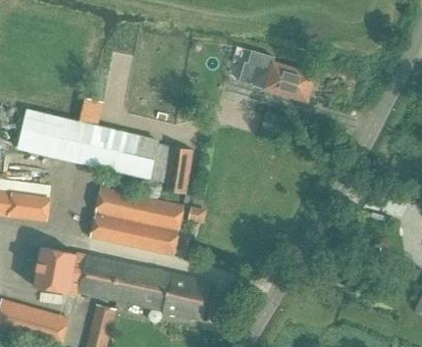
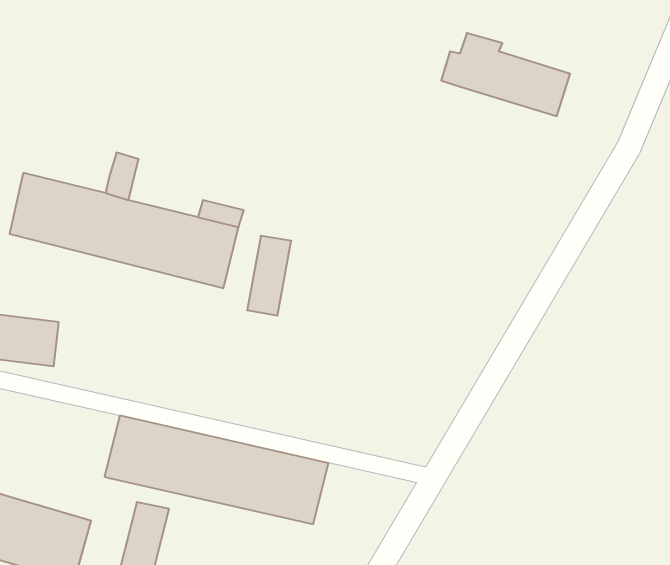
building: [238,51,315,101] -> [441,33,570,116]
building: [92,188,183,256] -> none
building: [34,247,87,296] -> none

